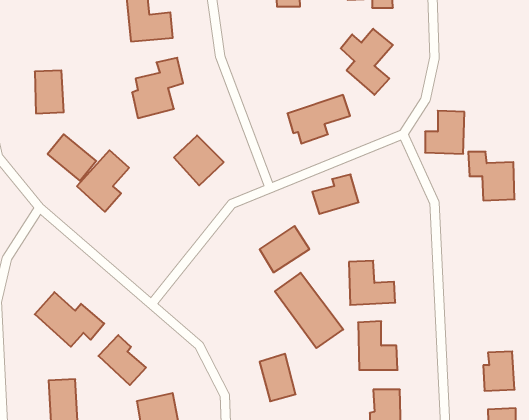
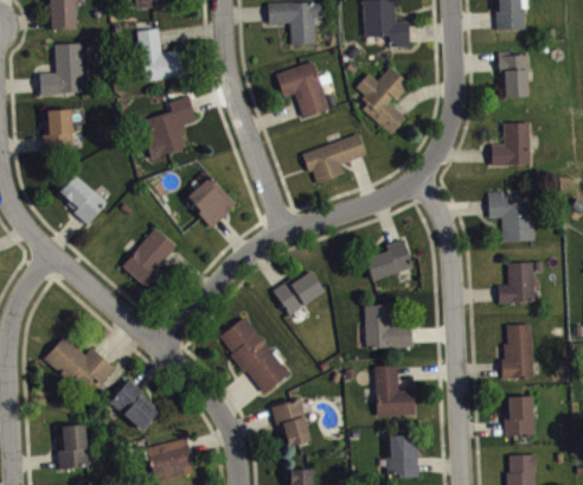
building: none -> [39,43,83,94]
building: none -> [499,53,530,97]
building: none -> [274,62,328,117]
building: [425,111,464,154] -> [491,122,531,166]
building: [77,150,129,212] -> [122,229,175,292]
building: [312,174,359,214] -> [365,240,412,280]
building: none -> [498,262,542,302]
building: [275,273,343,348] -> [219,317,289,394]
building: none -> [504,325,533,378]

